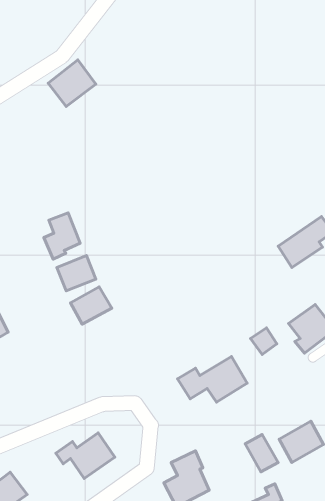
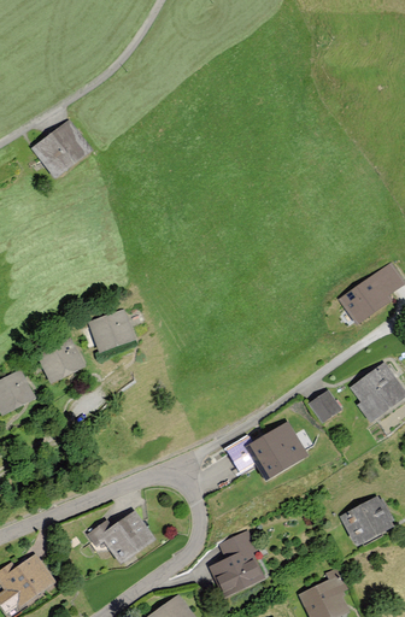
building: [48,60,96,106] -> [35,123,89,176]
building: [44,213,80,259] -> none
building: [71,287,112,324] -> [37,340,84,382]
building: [245,434,278,472] -> none

